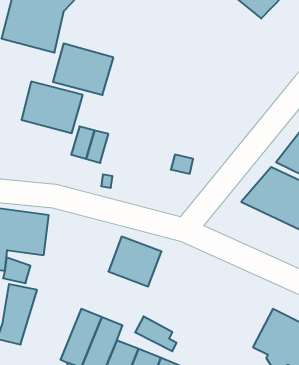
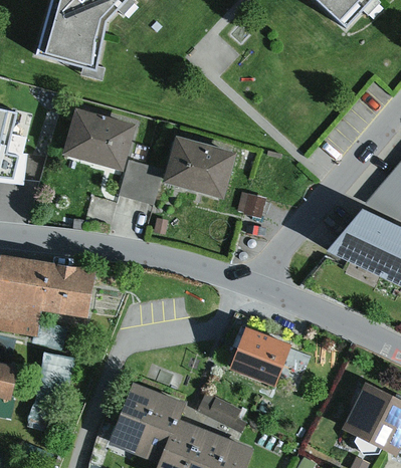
building: [53,44,113,95] -> [165,136,238,198]
building: [108,237,162,286] -> [227,324,291,385]

